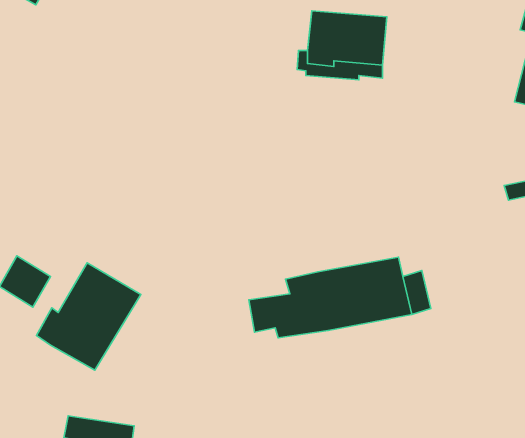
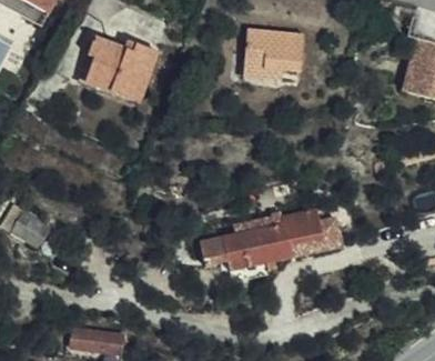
building: none -> [84,37,156,100]
building: [37,263,141,370] -> none

